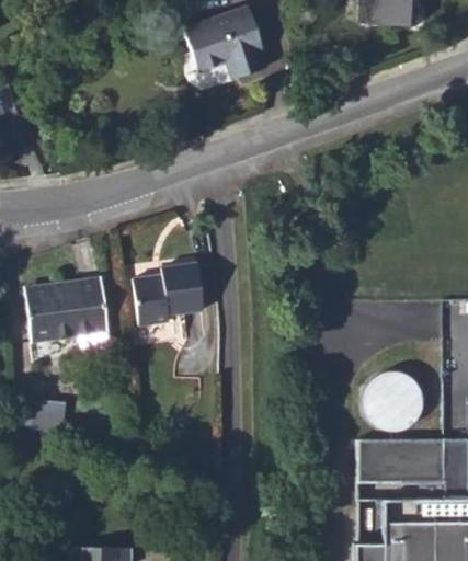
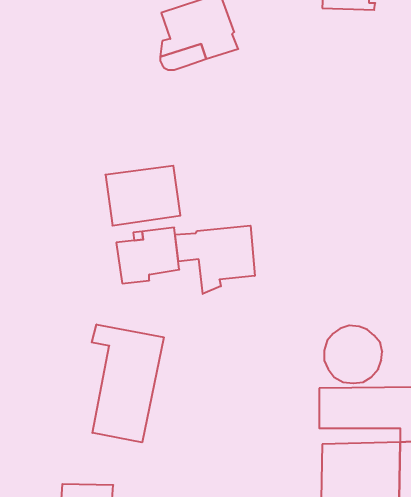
building: none -> [175,226,255,294]
building: [25,276,107,342] -> [105,166,180,226]
building: none -> [92,324,164,442]
building: [34,398,69,438] -> none

